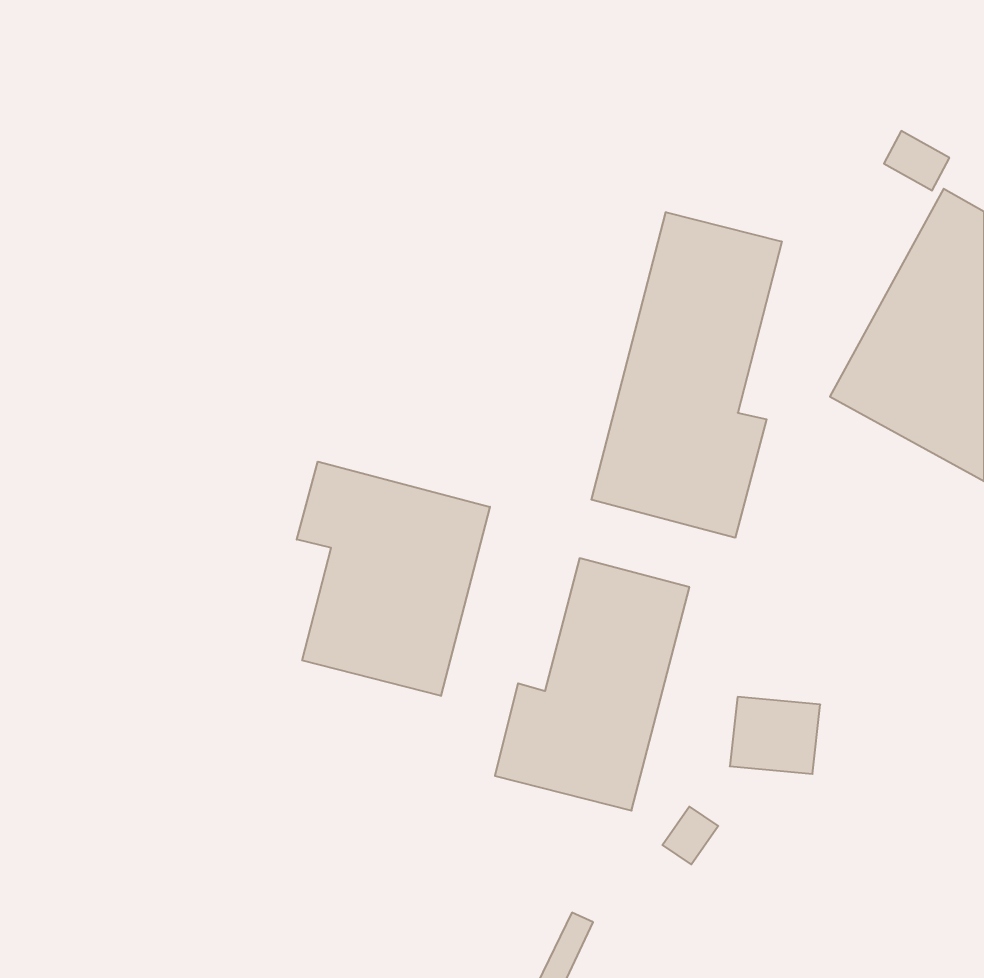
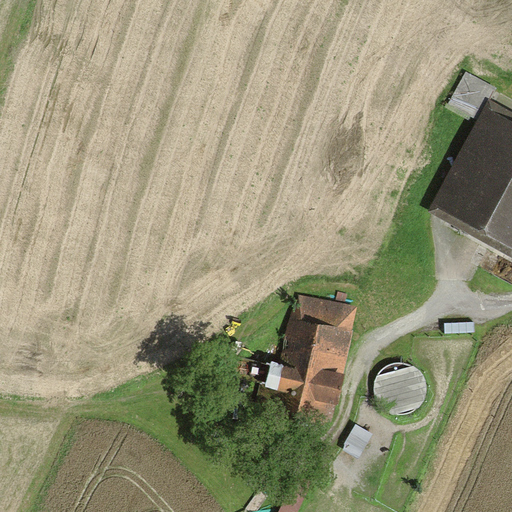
building: [591,212,782,538] -> none
building: [297,462,490,696] -> none

